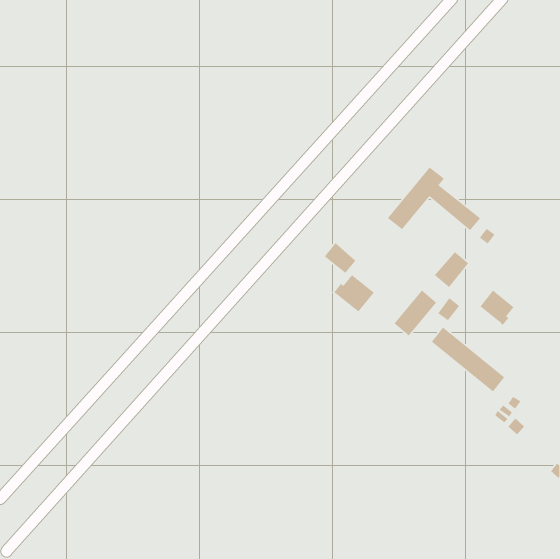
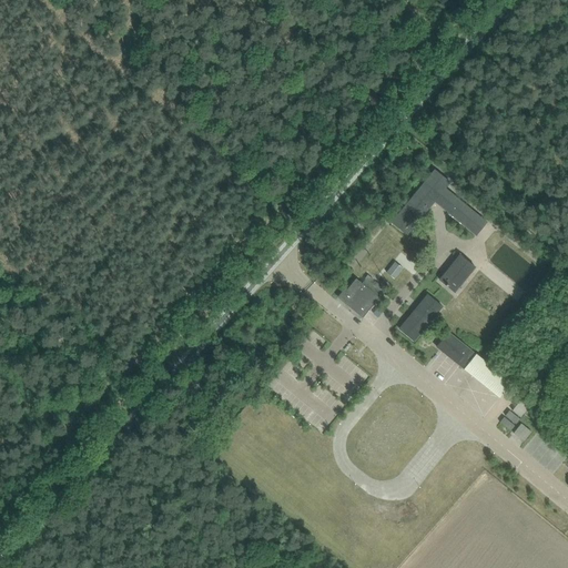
building: [324,242,356,274] -> none
building: [480,290,514,326] -> none

